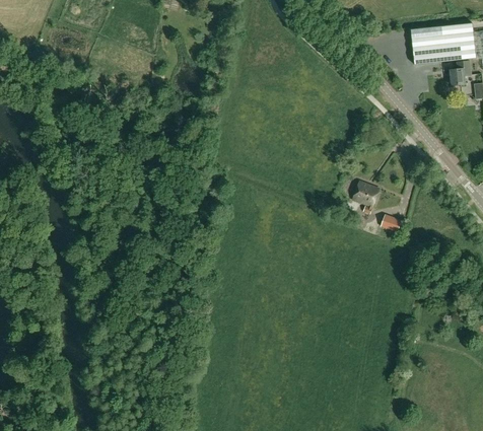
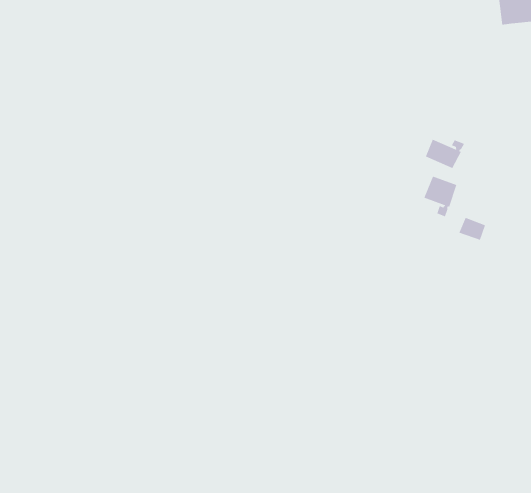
building: none -> [425,139,465,169]

